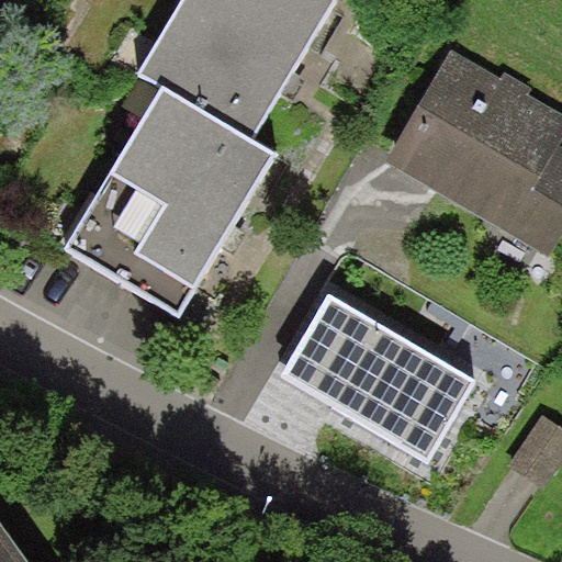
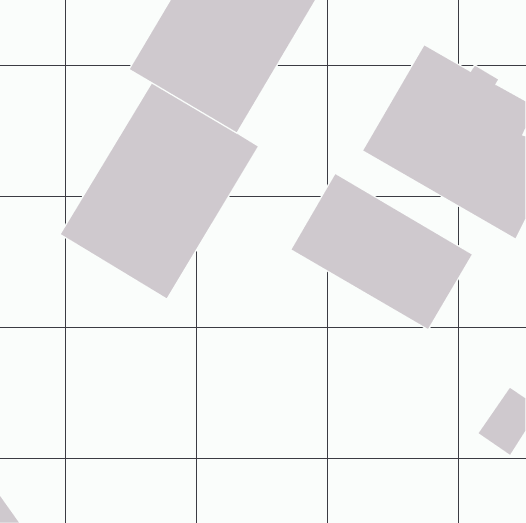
building: [281,294,475,461] -> [290,173,473,330]

